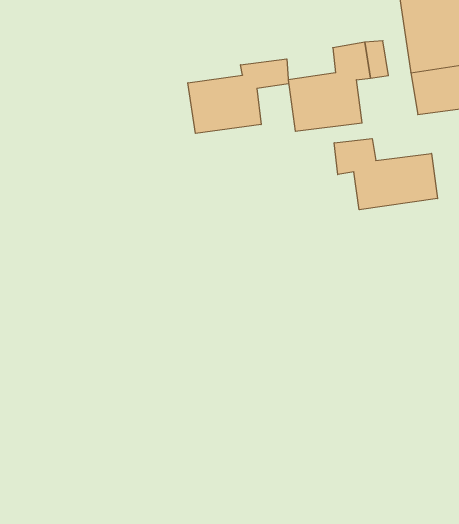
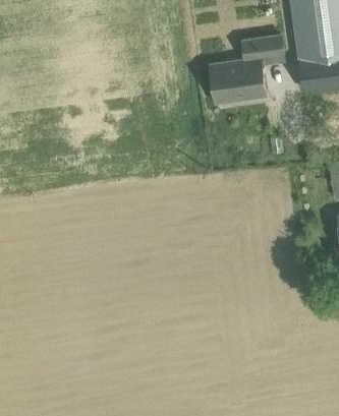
building: [188,59,288,133] -> none
building: [334,139,438,210] -> none

